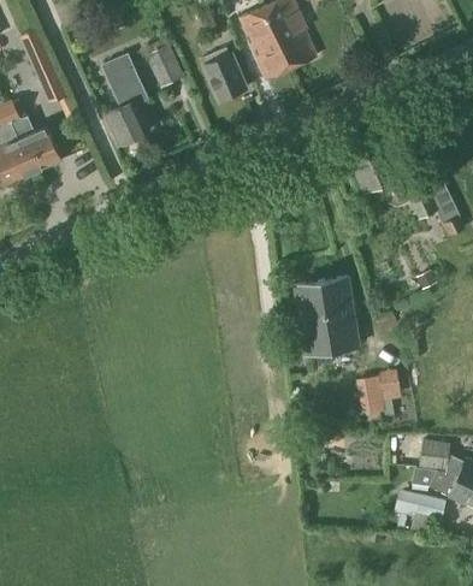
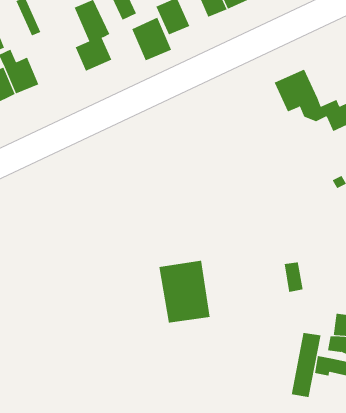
building: none -> [132,17,172,61]
building: [295,277,359,354] -> [158,260,211,323]
building: none -> [291,332,321,398]

